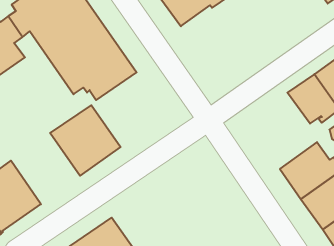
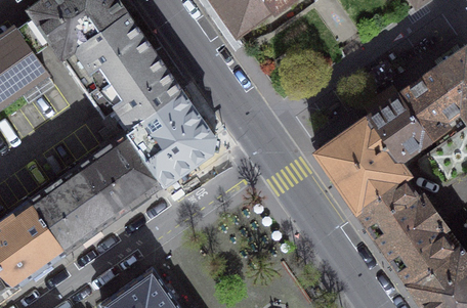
building: none -> [126,92,214,185]
building: none -> [317,117,408,210]
building: none -> [29,166,114,253]

